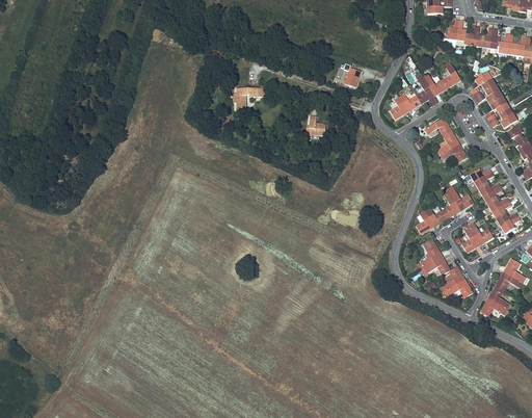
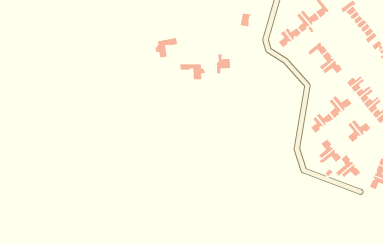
building: none -> [180,63,205,80]

